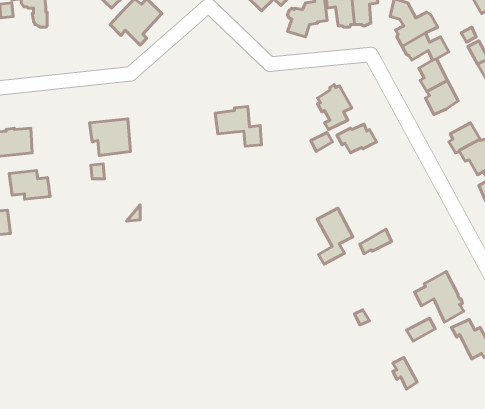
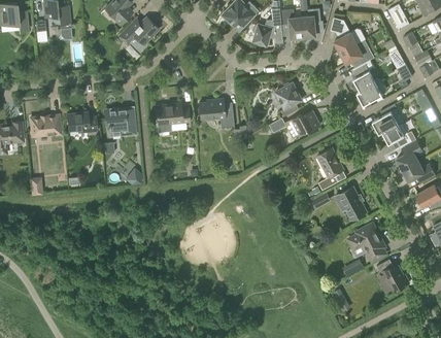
building: none -> [155,103,189,132]
building: [9,171,50,199] -> [66,111,97,133]
building: [317,208,353,264] -> [316,147,343,190]
building: none -> [338,187,366,218]

